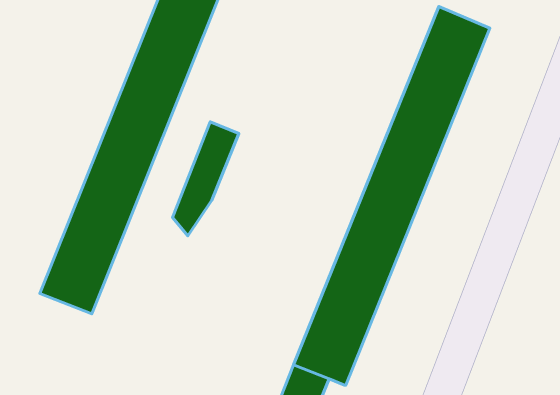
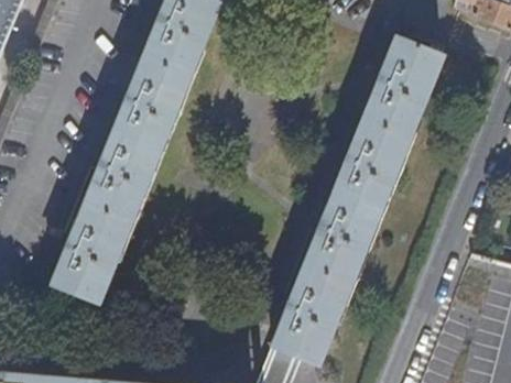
building: [172,122,239,236] -> none

